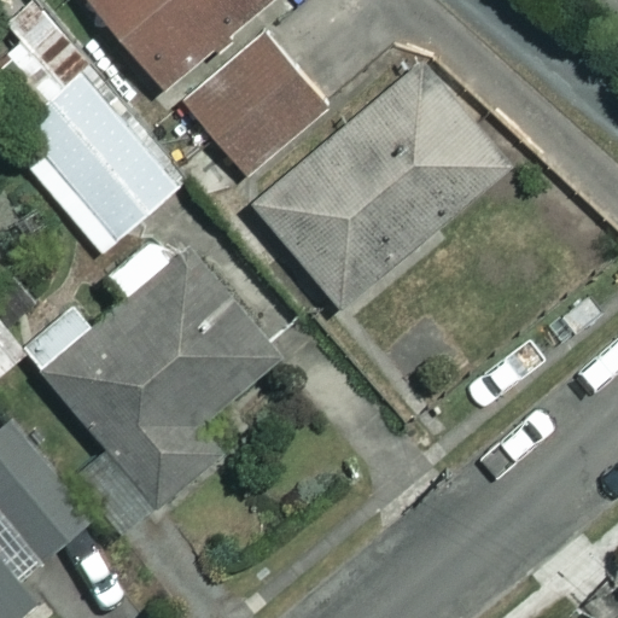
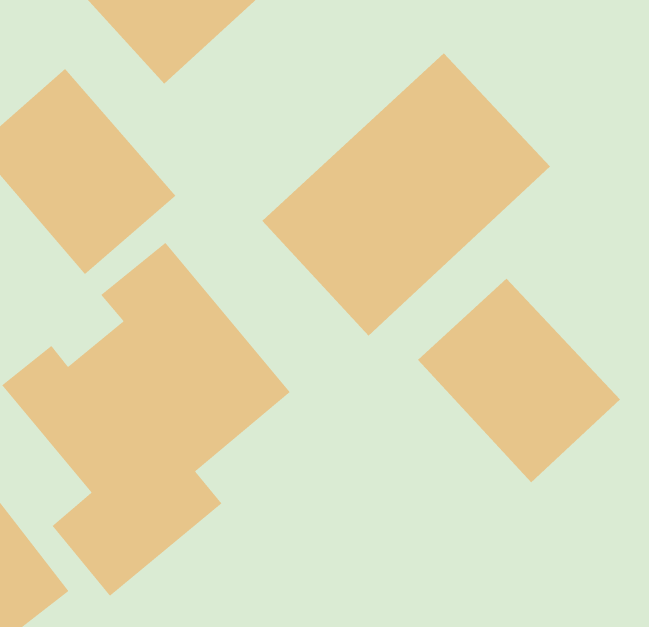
building: [186,36,326,175] -> none
building: none -> [417,278,621,483]

